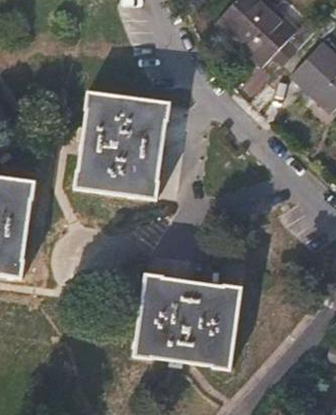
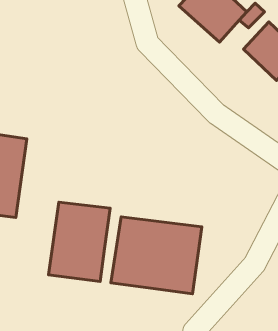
building: [76,79,167,186] -> none
building: none -> [48,202,110,282]

